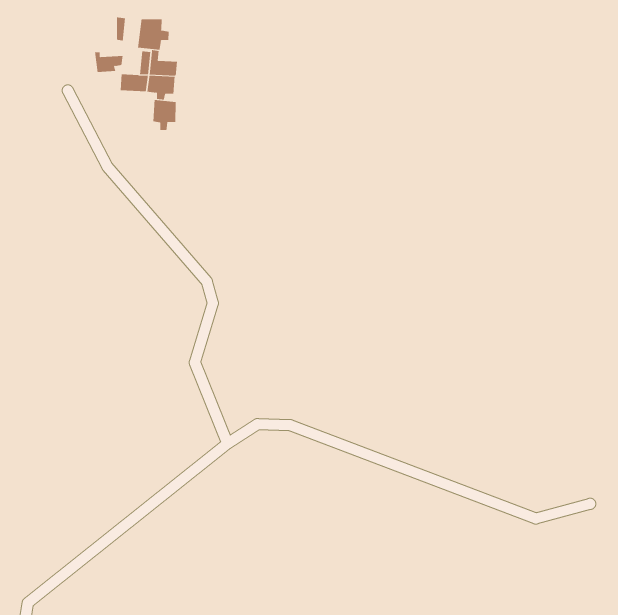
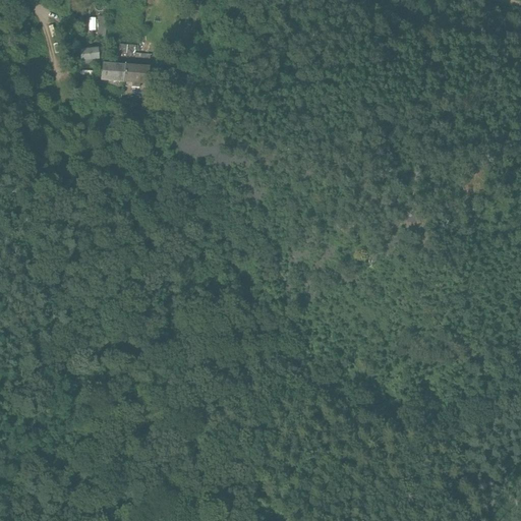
building: [138,18,169,50] -> none
building: [153,99,176,131] -> none

